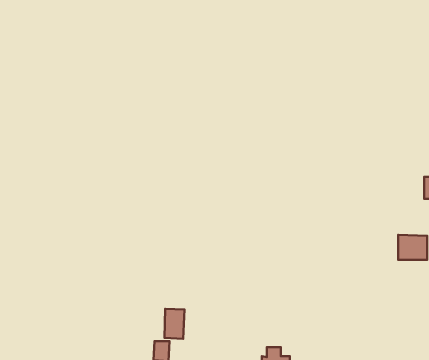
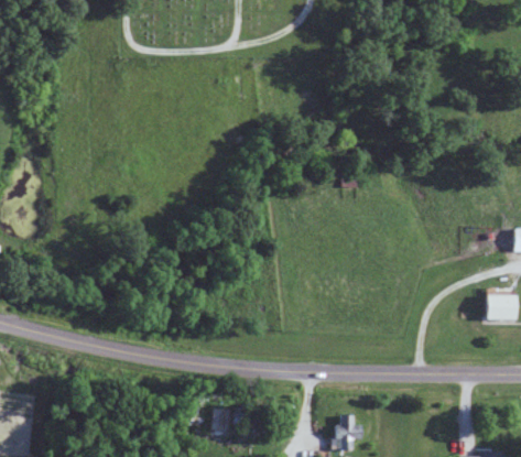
building: [164,309,184,339] -> none

